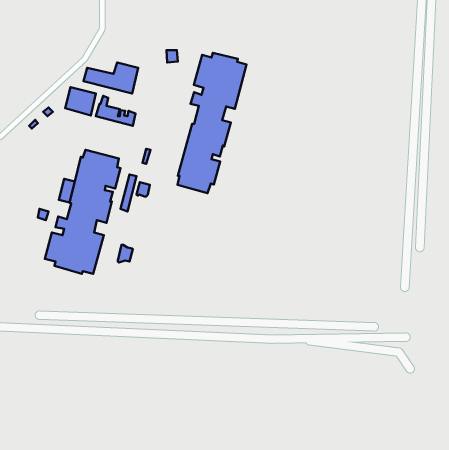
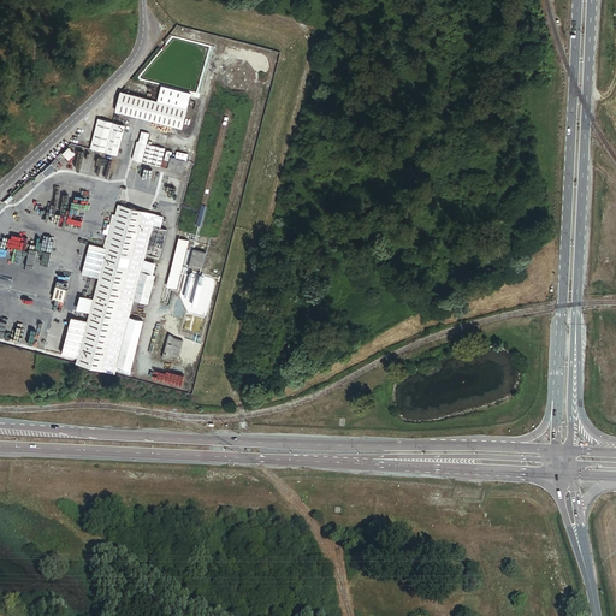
building: [178,53,247,193] -> none

